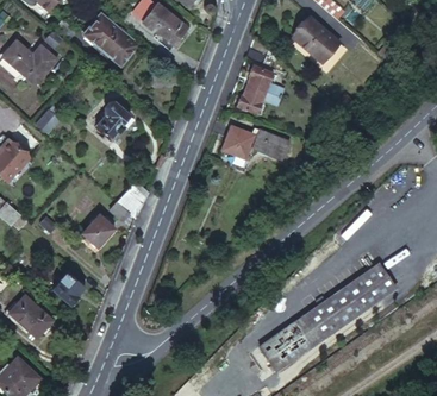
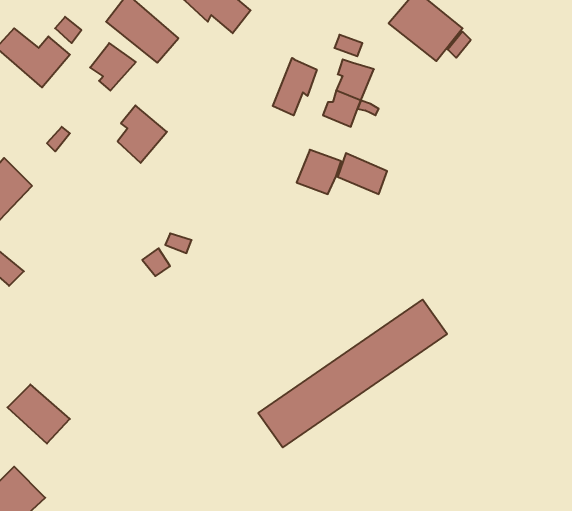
building: none -> [90,43,136,91]
building: none -> [273,58,317,115]
building: [81,213,113,246] -> none
building: [257,266,394,373] -> [258,300,447,447]
building: [49,272,82,308] -> none

